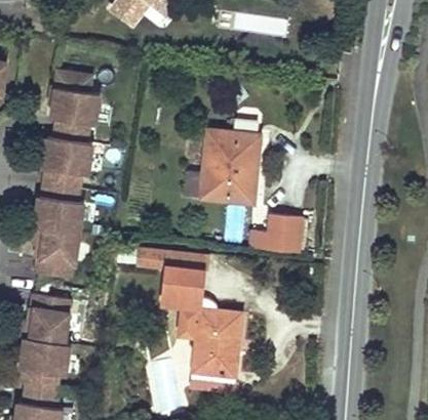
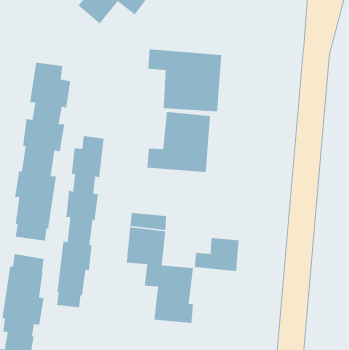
building: none -> [147,49,222,112]
building: none -> [56,135,104,308]
building: [249,212,302,252] -> [194,237,239,272]

